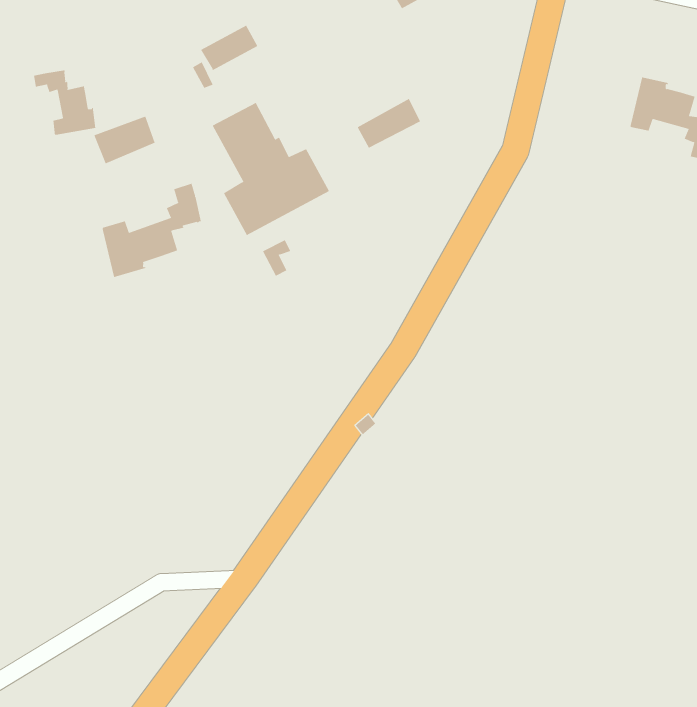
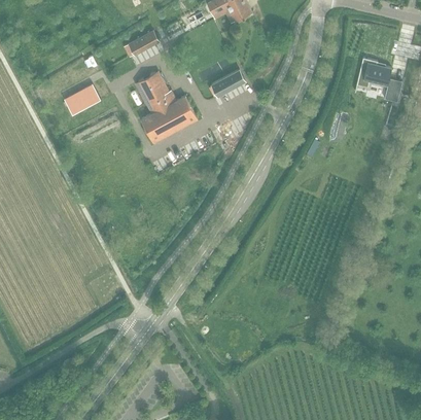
building: [33,69,96,136] -> none
building: [102,183,201,278] -> none

